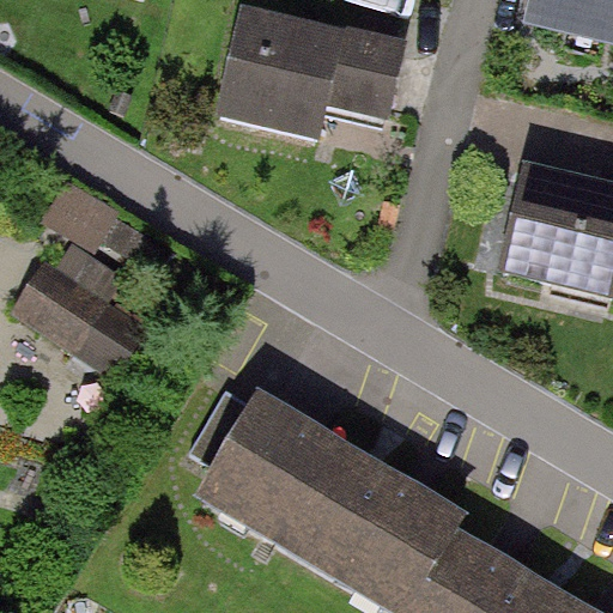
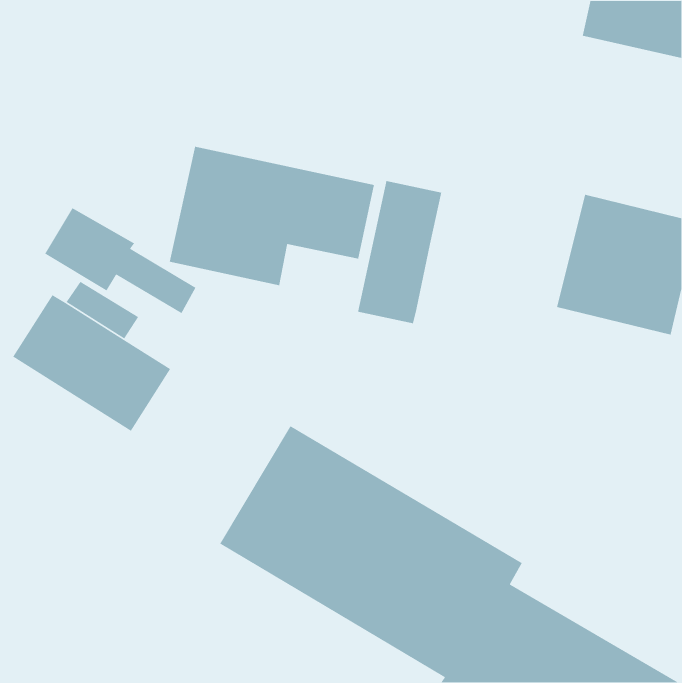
building: [212,24,396,150] -> [169,146,375,286]
building: none -> [357,180,442,324]

